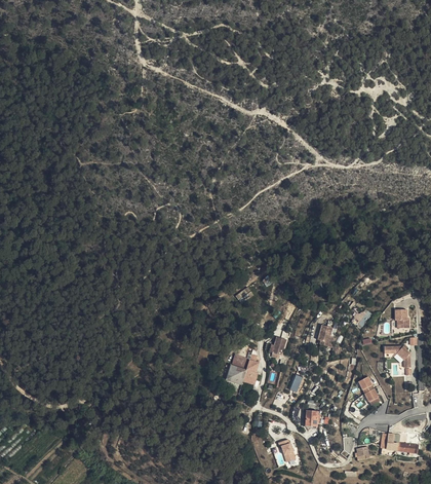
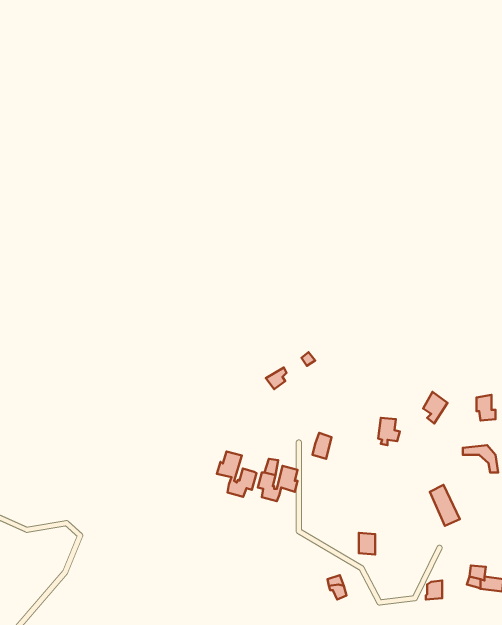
building: none -> [217,451,256,497]

